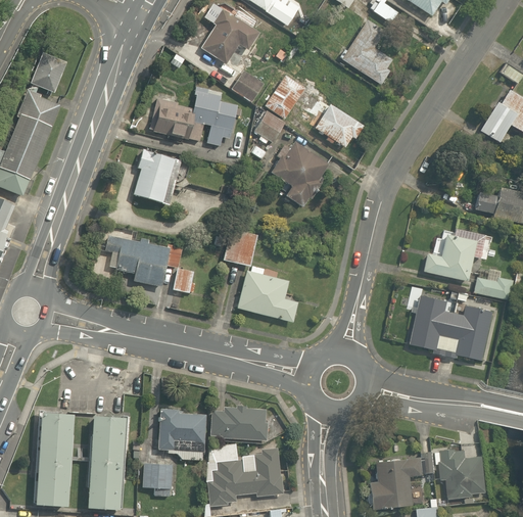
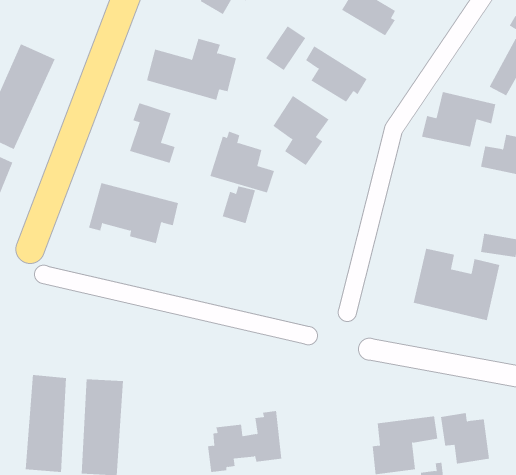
building: [34,56,65,92] -> none
building: [233,73,263,100] -> none
building: [250,108,286,144] -> none
building: [420,226,492,280] -> [421,91,496,147]
building: [236,263,299,323] -> [210,131,275,193]
building: [173,267,197,293] -> none
building: [158,409,205,461] -> none
building: [213,409,268,438] -> none
building: [144,462,173,497] -> none

